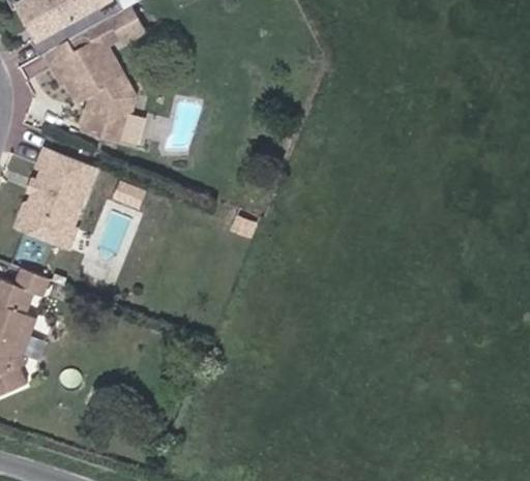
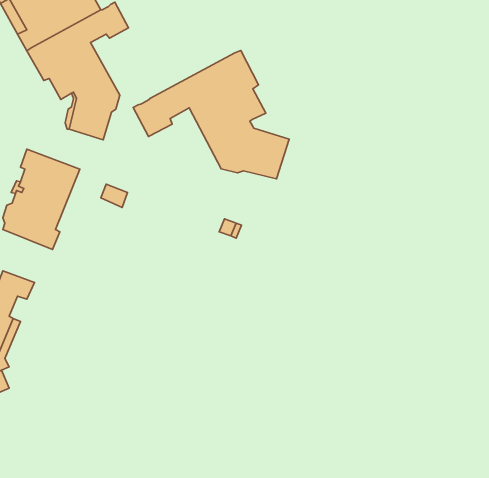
building: none -> [133,50,289,179]

